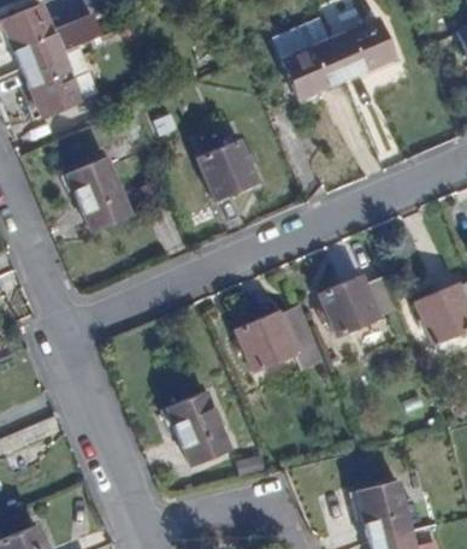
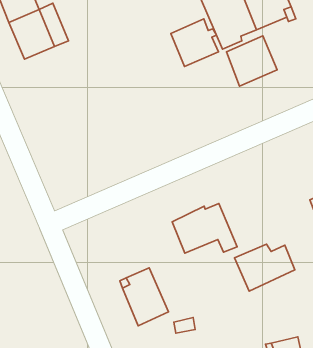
building: none -> [226,36,277,86]
building: [196,138,259,201] -> [171,19,218,66]
building: [60,150,147,231] -> none
building: [318,274,397,336] -> [234,244,295,291]

